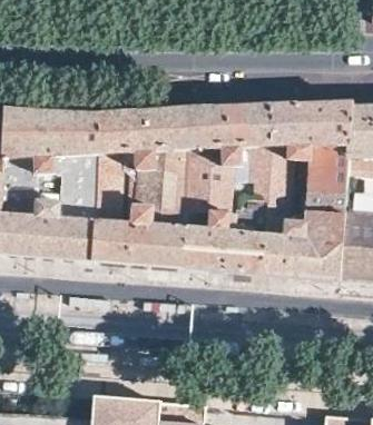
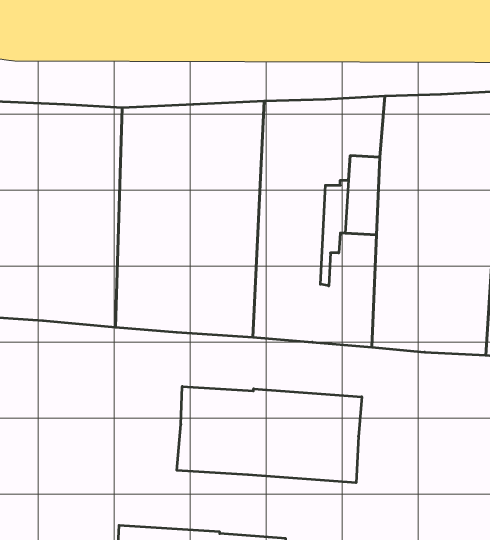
building: none -> [177,386,362,483]

